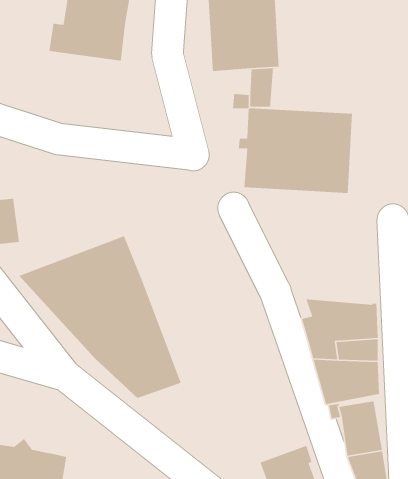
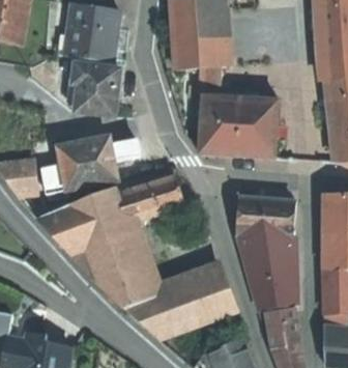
building: none -> [73,62,119,114]
building: none -> [52,136,117,191]
building: none -> [113,168,182,220]
building: none -> [236,195,294,236]
building: none -> [122,271,233,337]

